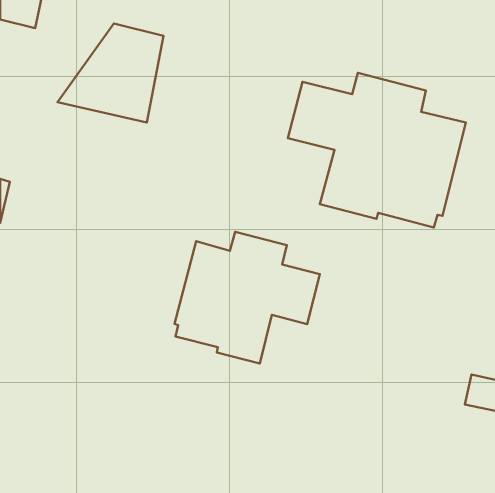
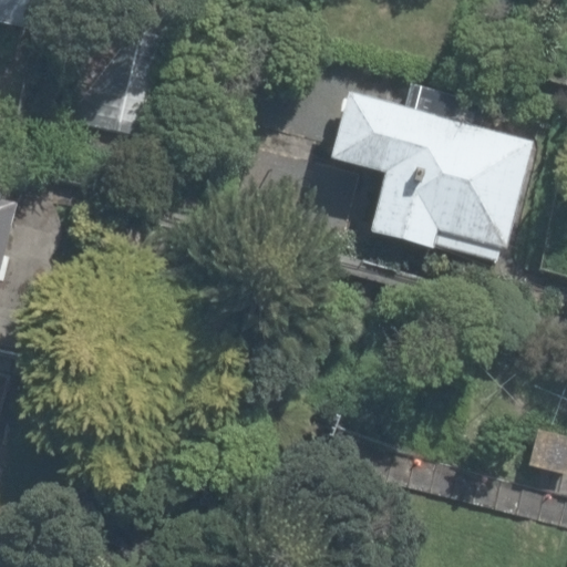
building: [175,232,320,363] -> none

